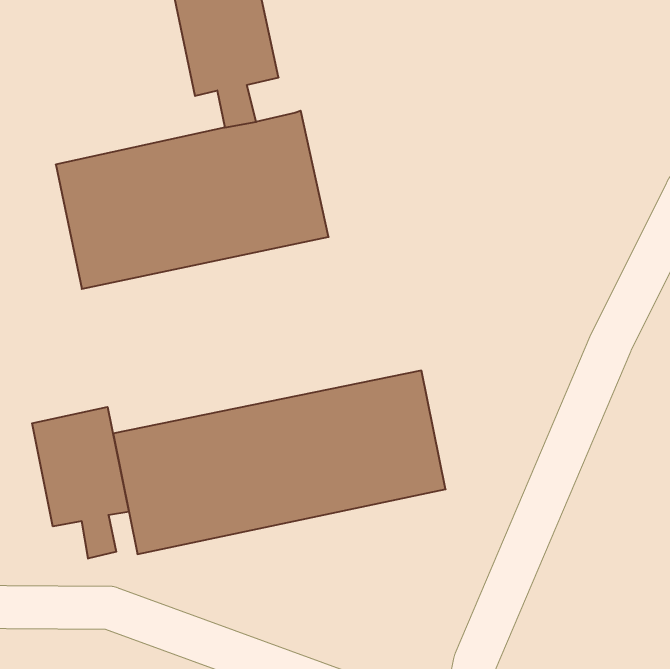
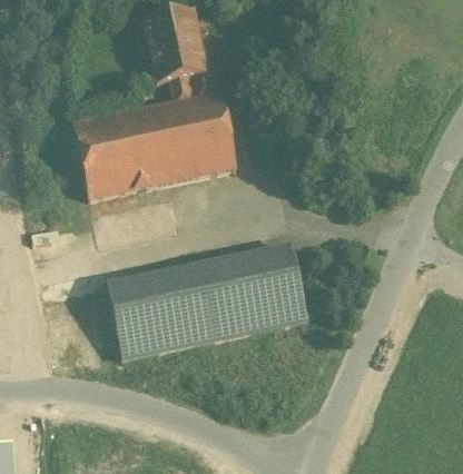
building: [32,407,129,559] -> none

